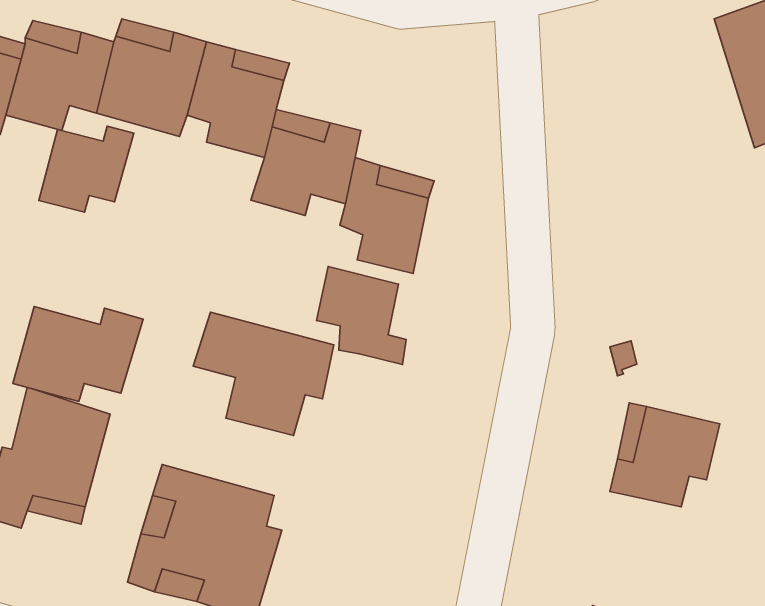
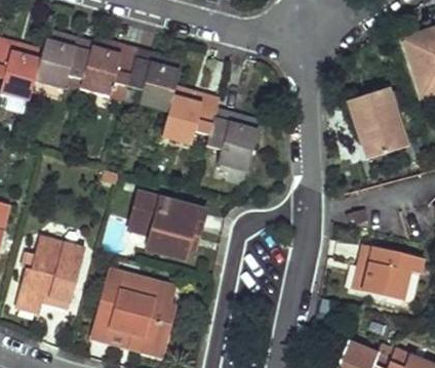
building: none -> [351,87,408,157]
building: [39,126,134,212] -> none
building: [316,266,406,365] -> none
building: [13,307,143,401] -> none

